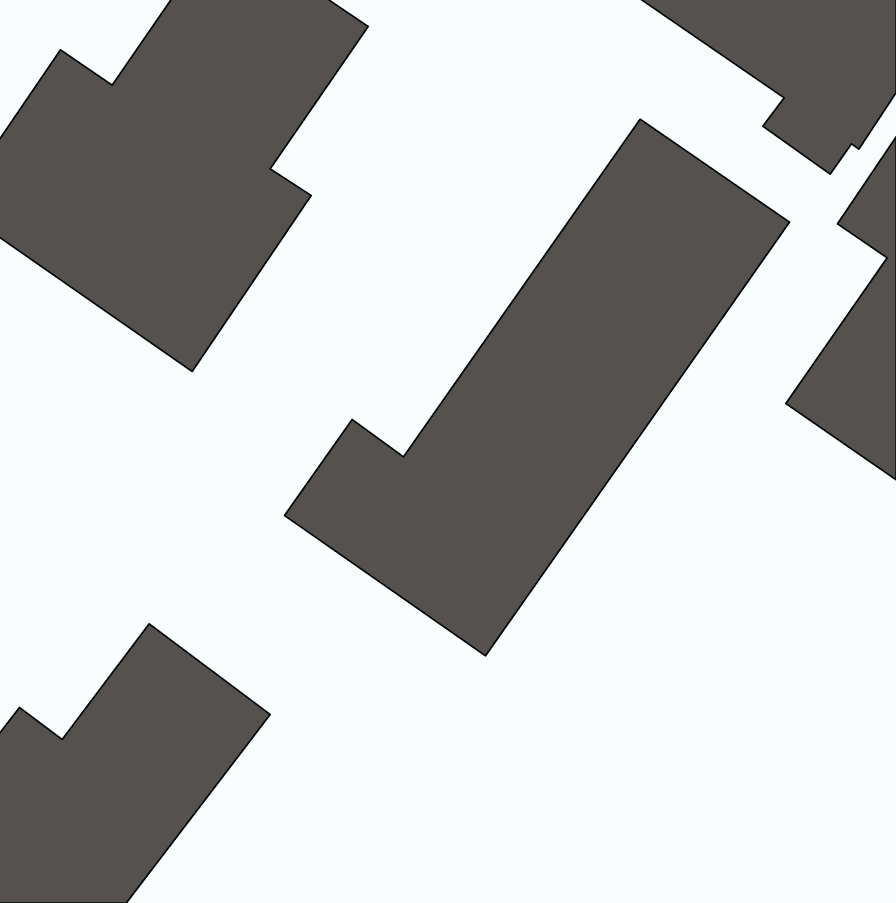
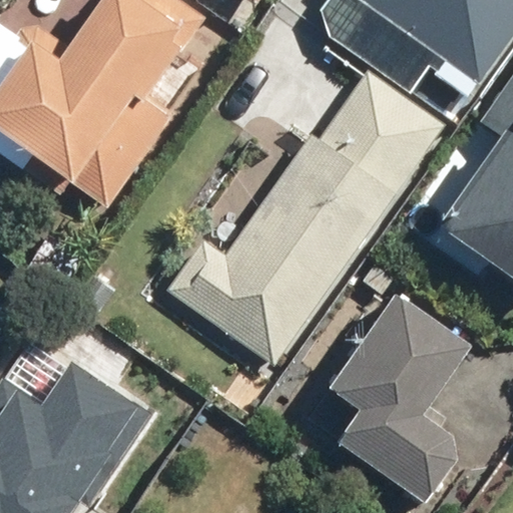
building: none -> [331,288,479,503]

